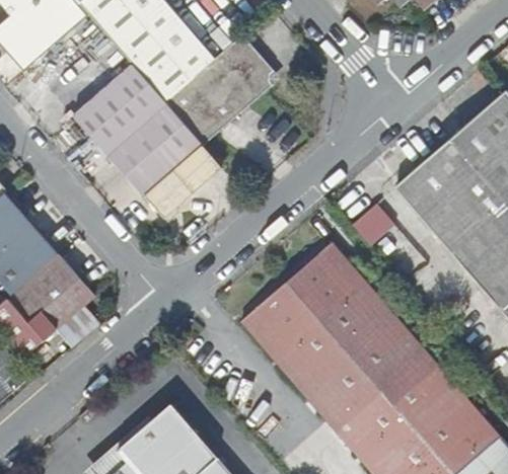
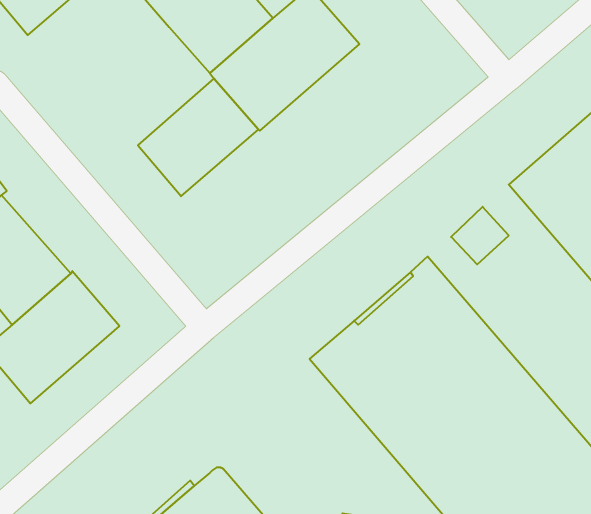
building: [73,65,167,156] -> none
building: [145,145,222,218] -> none

